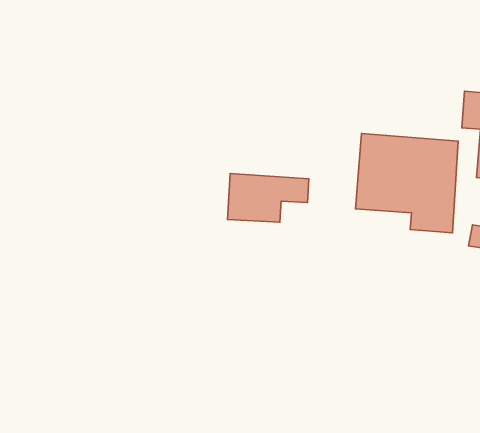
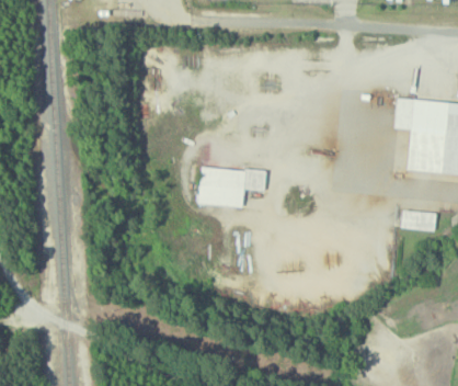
building: [356,133,458,233] -> none

